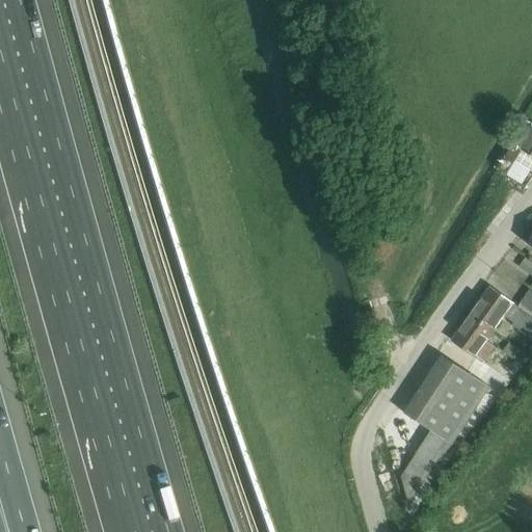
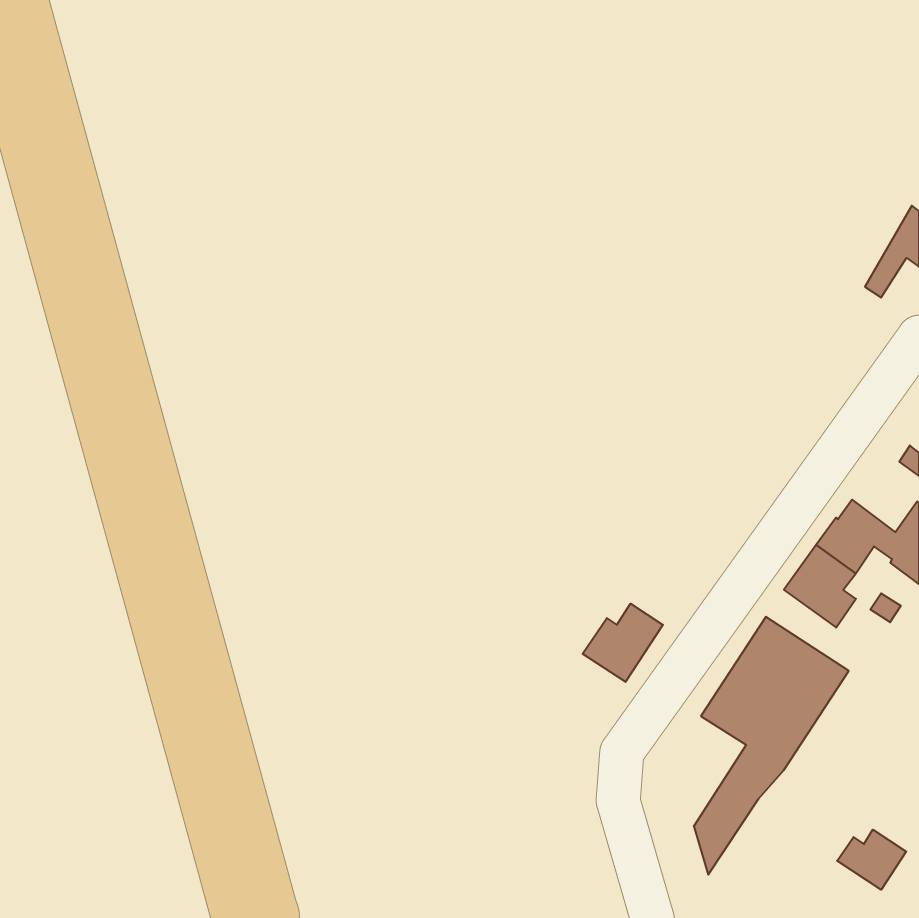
building: none -> [583,604,663,682]
building: none -> [837,830,906,890]

